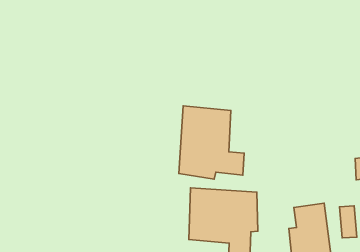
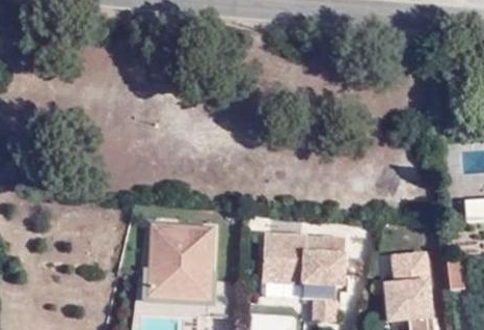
building: [179,106,244,179] -> none
building: none -> [145,221,212,298]

